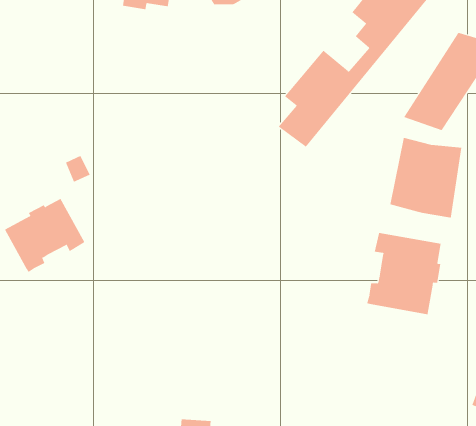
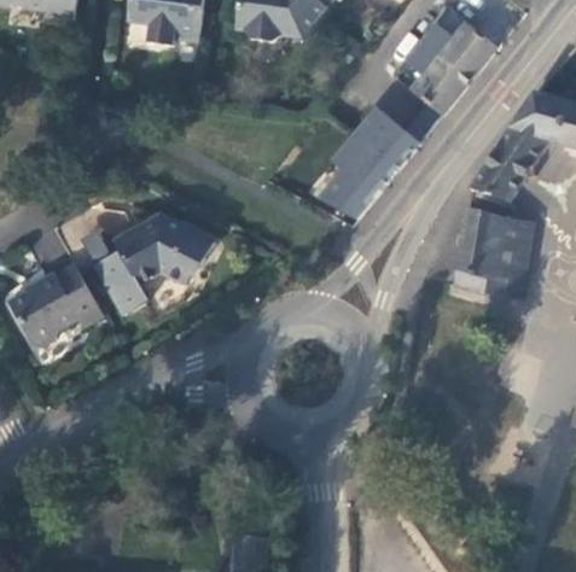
building: none -> [94,216,216,319]
building: [367,232,441,315] -> none

